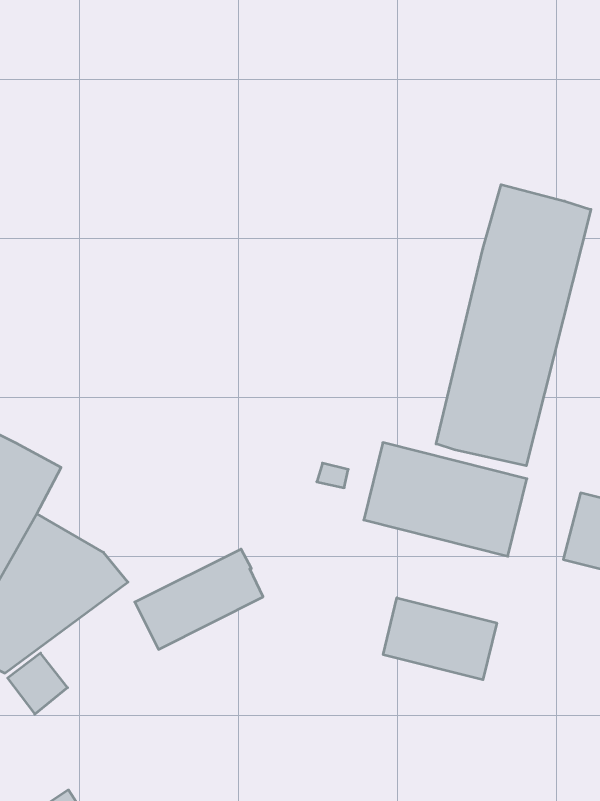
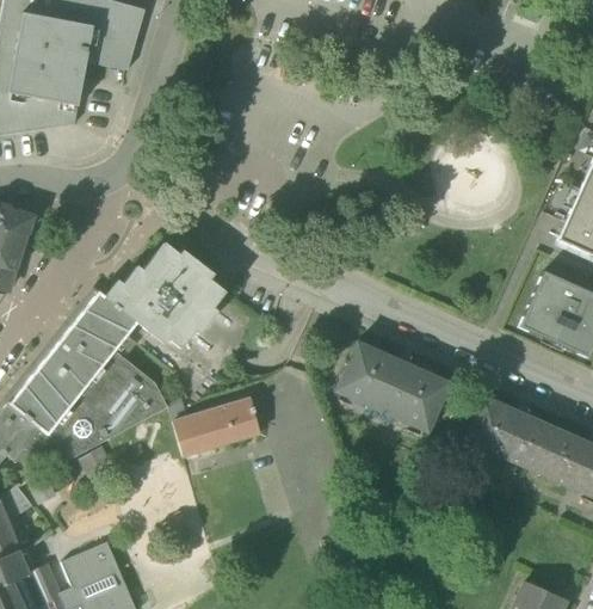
building: [436,185,591,466] -> none
building: none -> [110,244,226,349]
building: [383,598,497,680] -> none

